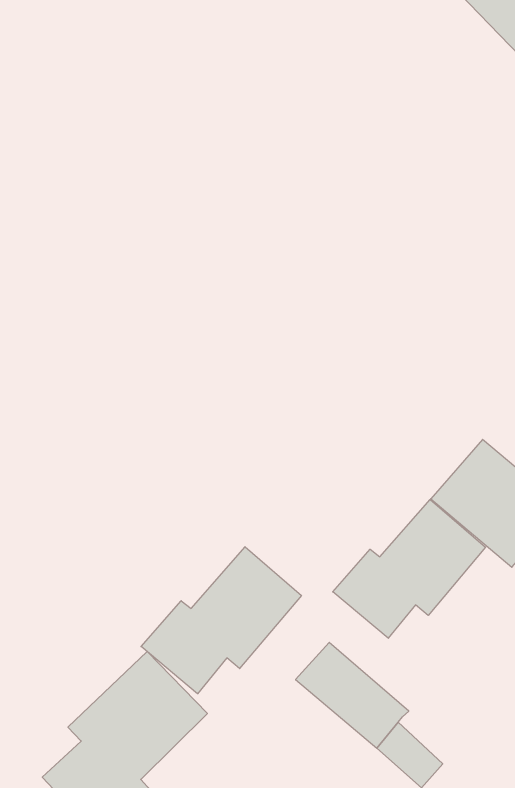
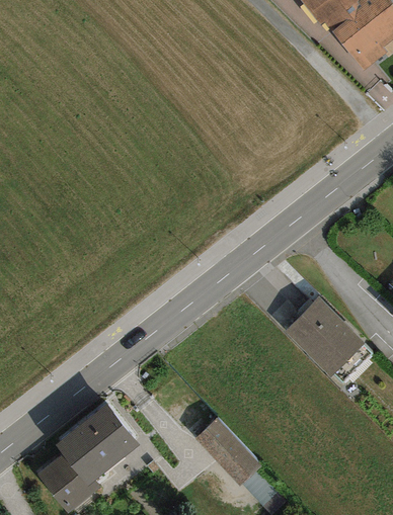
building: [333,499,486,638] -> none
building: [141,547,301,694] -> none

